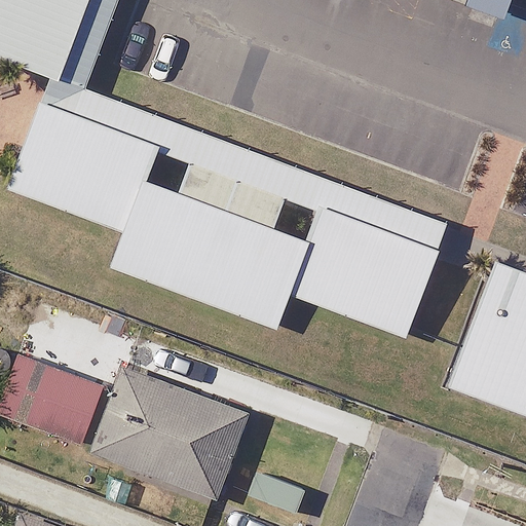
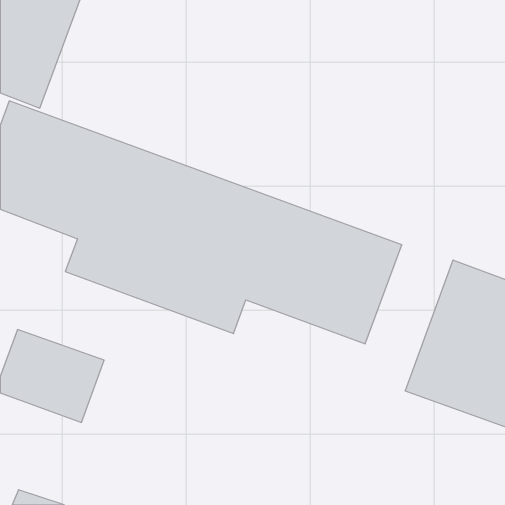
building: [106,343,265,477] -> none

